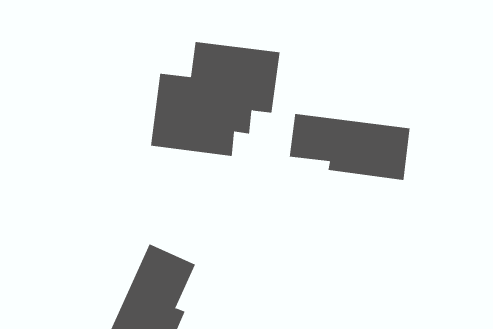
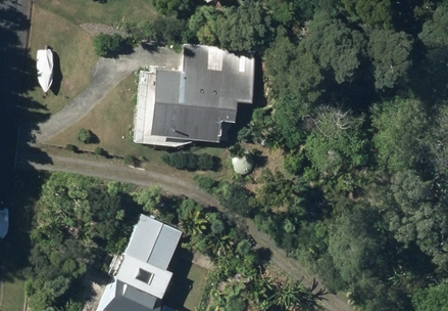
building: [289,113,410,181] -> none

